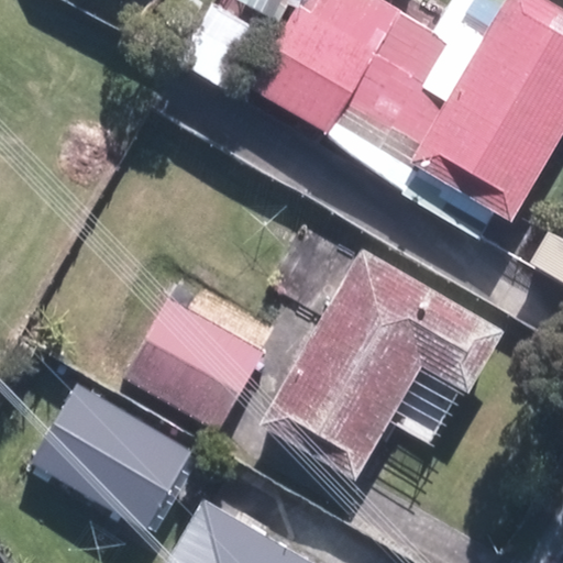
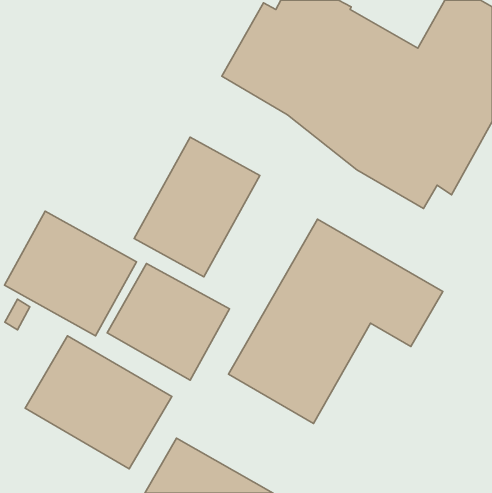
building: none -> [134,137,260,277]
building: none -> [4,211,136,336]

